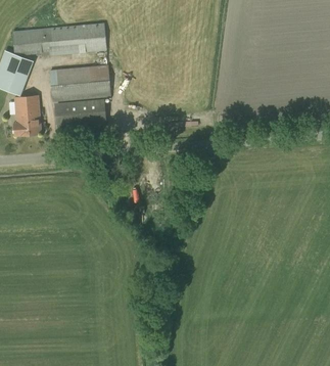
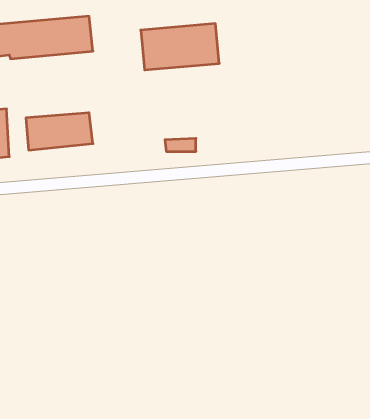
building: [49,64,111,101] -> [141,24,219,70]

